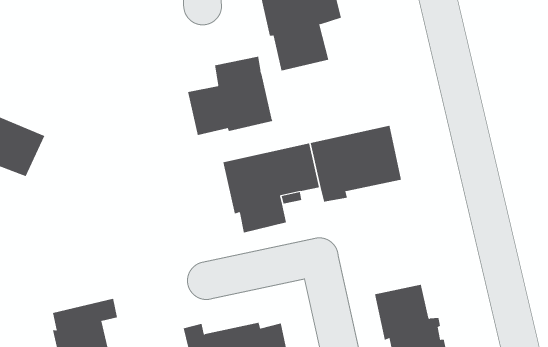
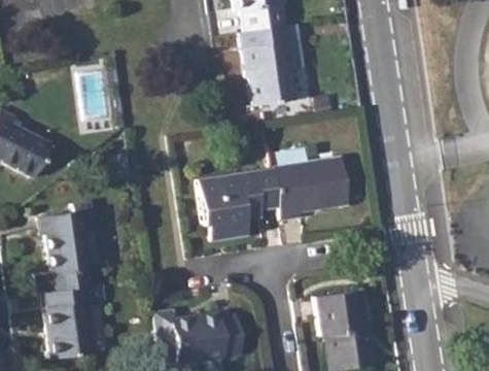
building: [187,56,273,136] -> none
building: none -> [41,211,91,276]

